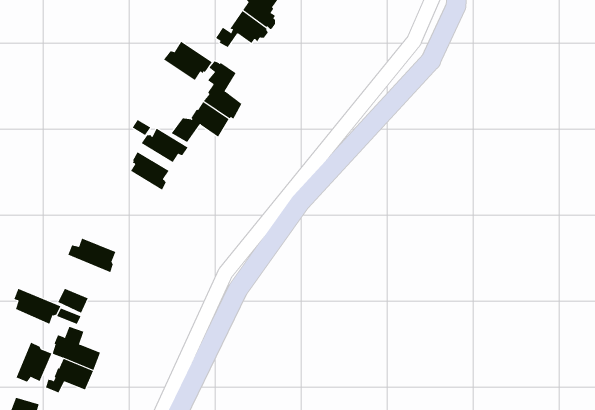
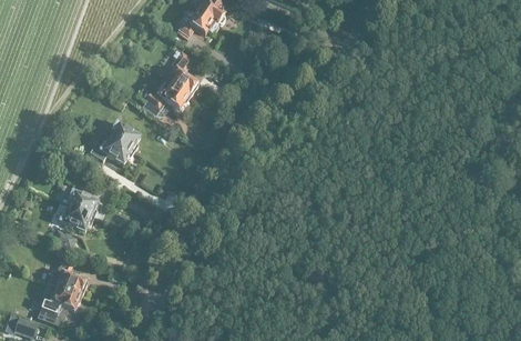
building: [163,41,213,81] -> none
building: [141,128,188,163] -> [96,137,134,164]
building: [14,288,61,324] -> [55,203,93,232]
building: [16,342,52,382] -> none

